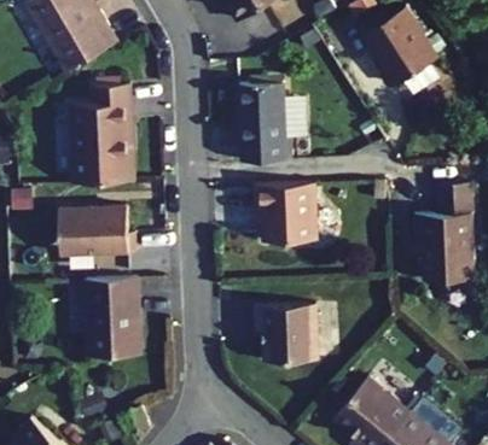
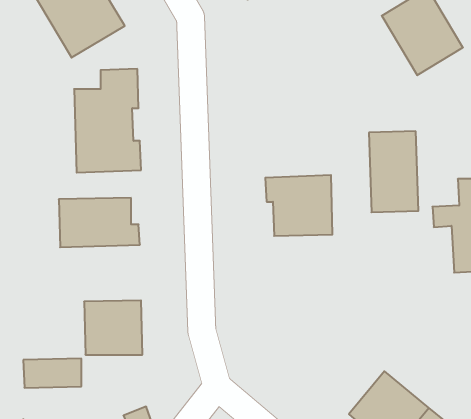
building: [239,84,286,162] -> [369,131,418,212]
building: [81,279,136,306] -> [23,359,81,388]
building: [255,305,319,364] -> none

